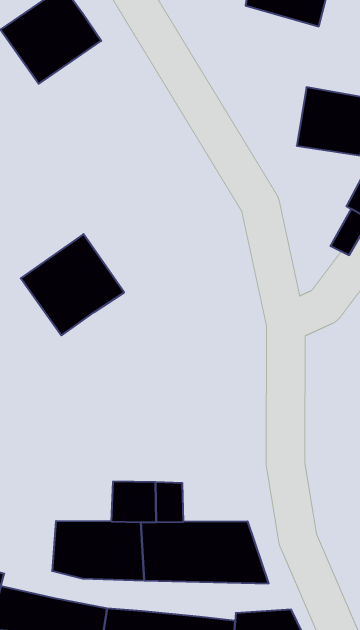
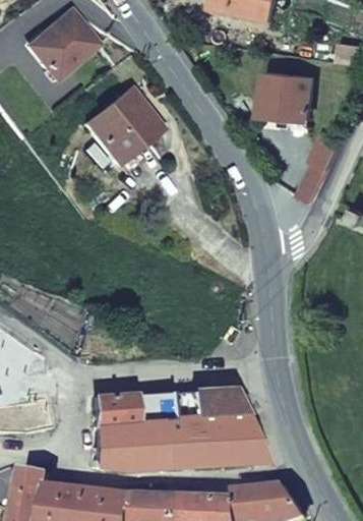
building: [21,234,124,335] -> [76,88,159,169]
building: none -> [88,396,133,430]
building: none -> [187,391,241,423]

